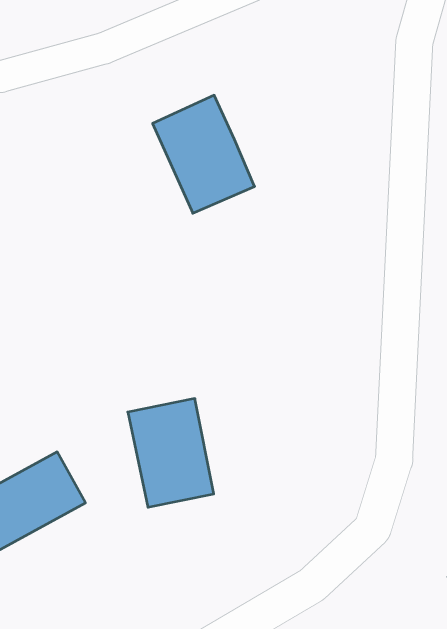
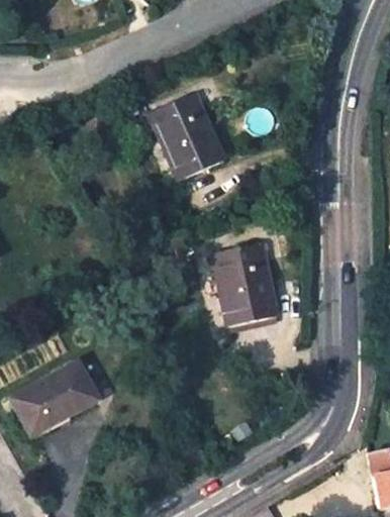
building: [128,399,214,507] -> [212,243,277,325]

